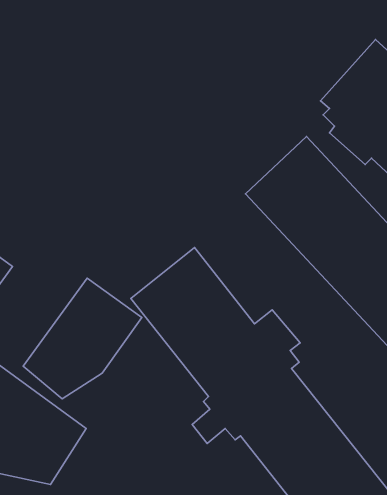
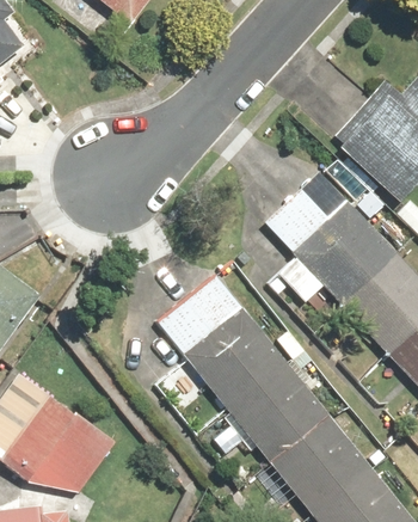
building: [23,278,142,399] -> none

